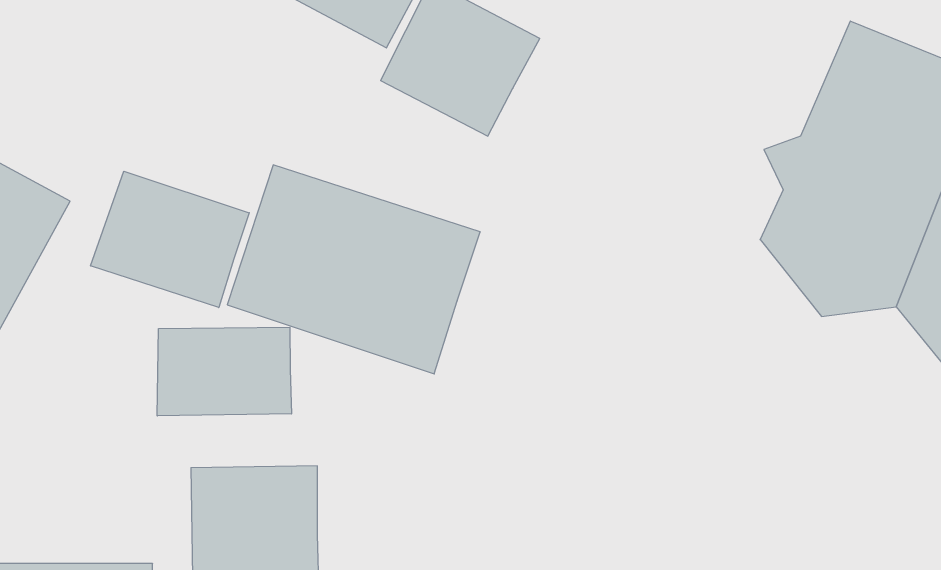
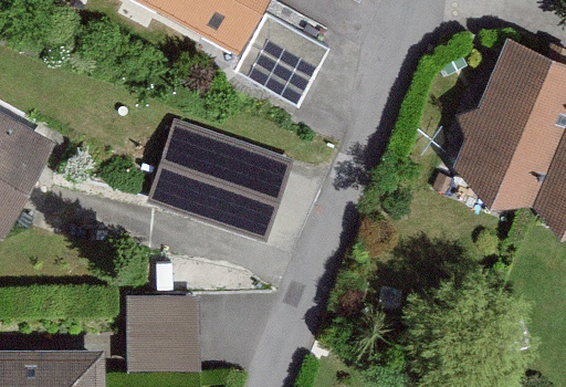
building: [91,171,249,308] -> none
building: [157,327,291,416] -> none

